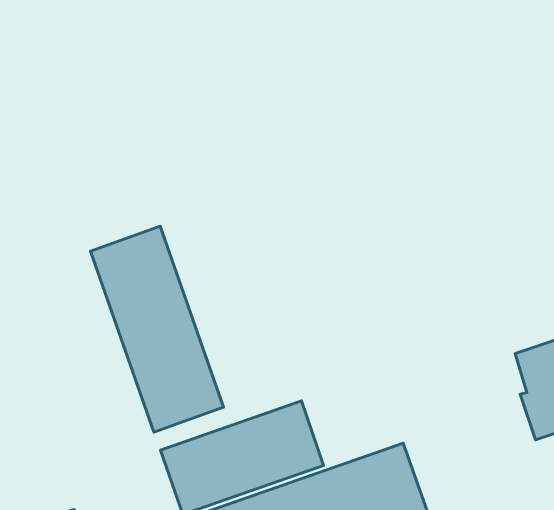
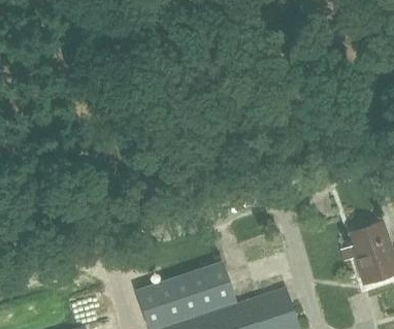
building: [91,226,223,432] -> none

